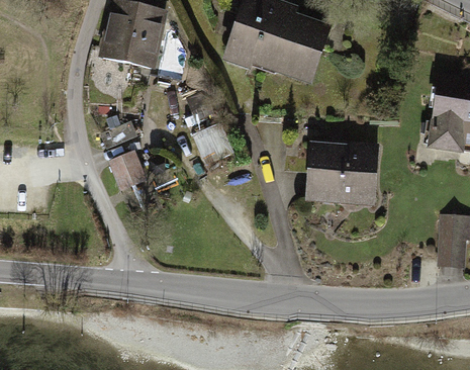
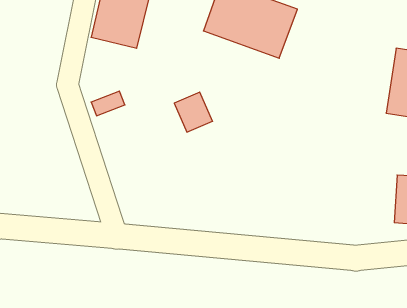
building: [303,142,380,205] -> none
building: [110,152,149,193] -> none

